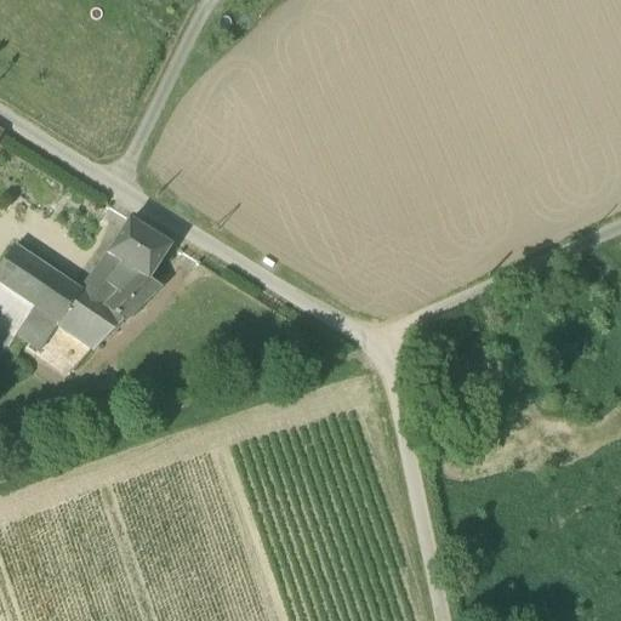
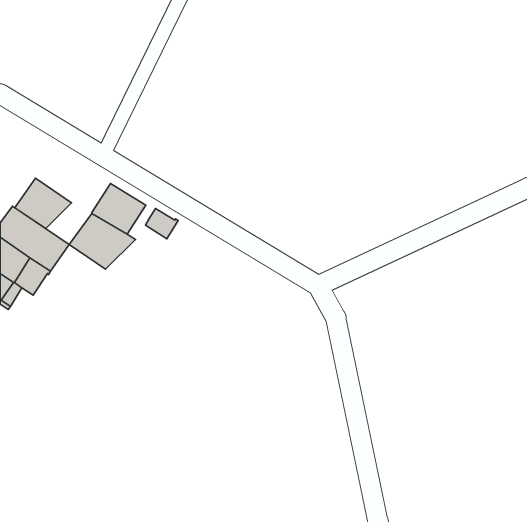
building: none -> [145,208,178,239]
building: [58,287,125,347] -> [15,178,72,229]

